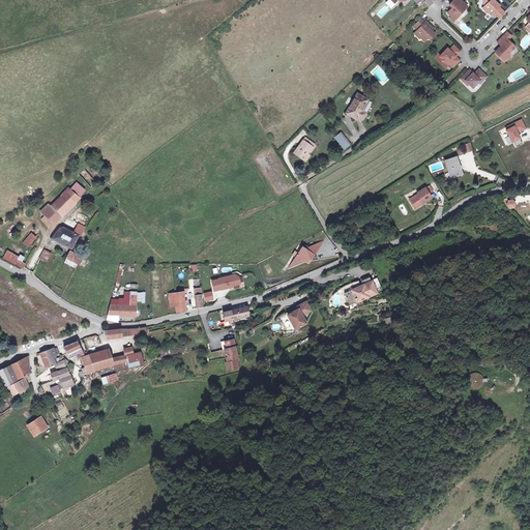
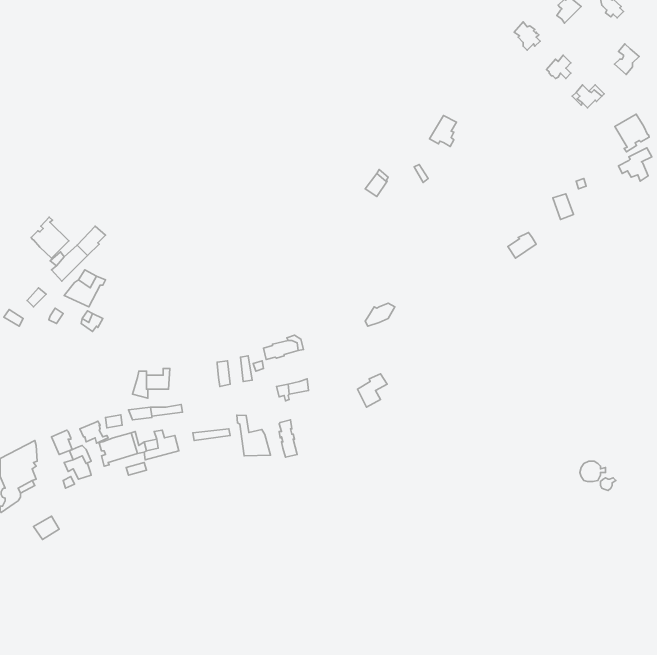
building: none -> [615,114,649,152]
building: none -> [31,217,69,258]
building: [345,276,380,304] -> none
building: none -> [237,415,271,456]

